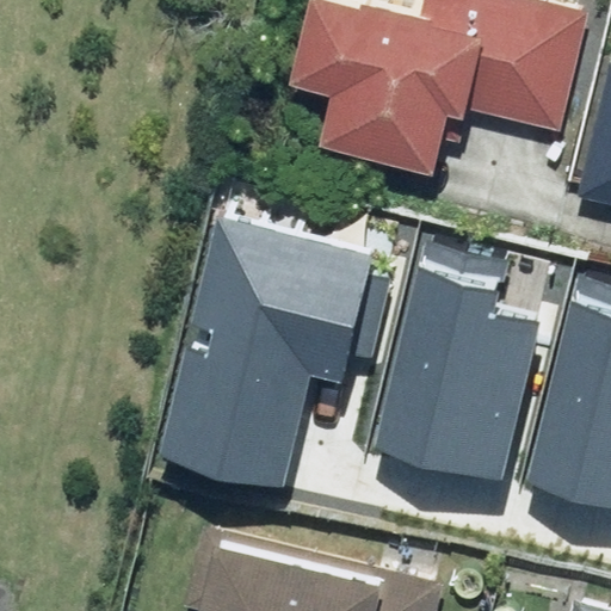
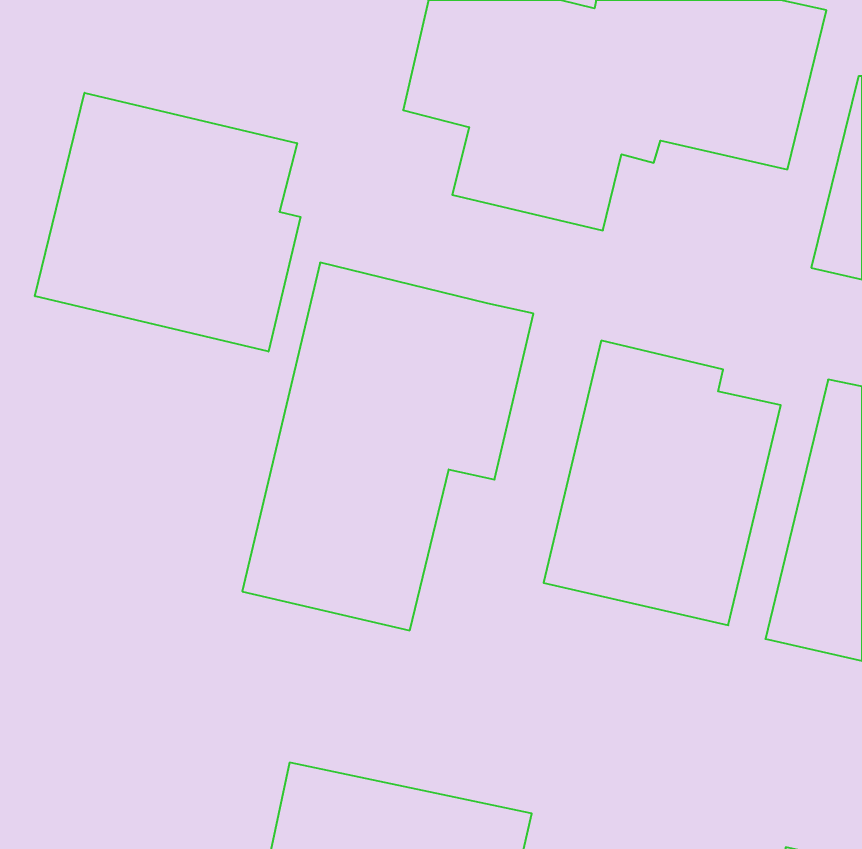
building: none -> [35,93,301,352]

